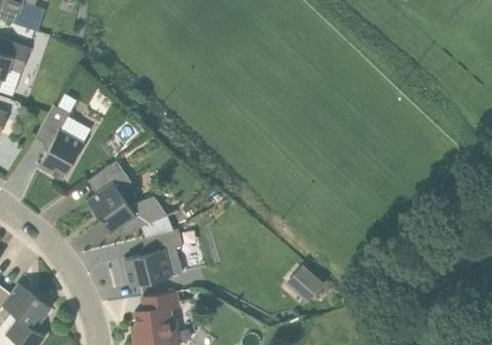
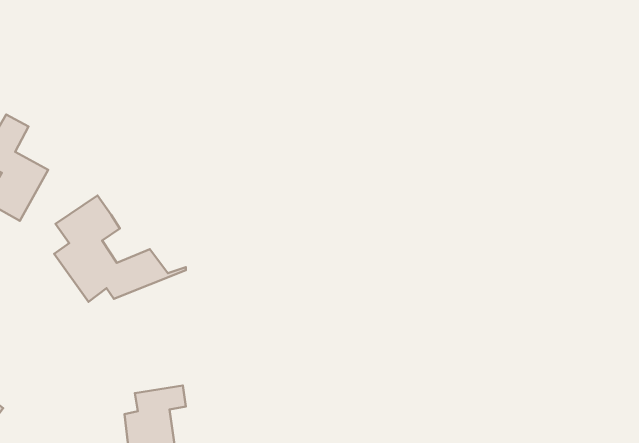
building: [125,229,183,286] -> none
building: [285,263,325,304] -> none

